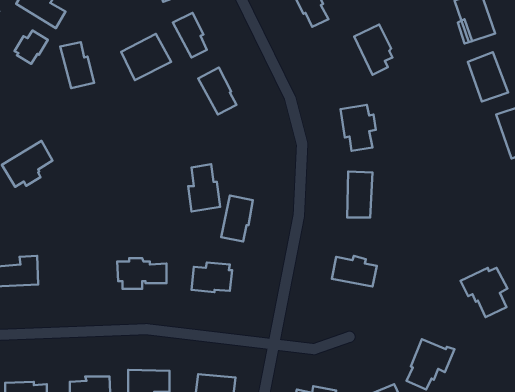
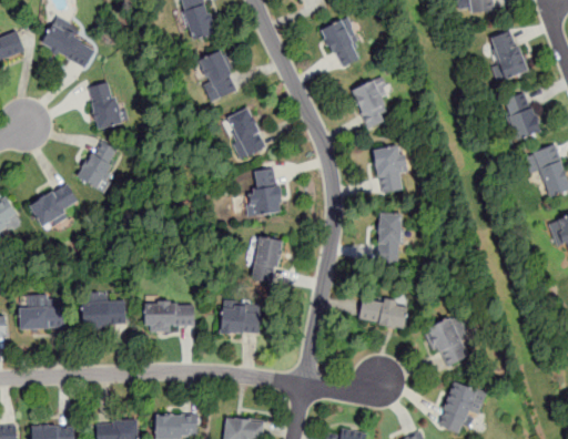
building: [354,25,392,75] -> [347,78,386,129]
building: [14,30,48,64] -> none
building: [121,34,171,80] -> none
building: none -> [77,140,118,193]
building: [188,164,220,211] -> [251,166,283,214]
building: none -> [82,299,125,327]
building: [460,268,507,317] -> [422,316,469,366]

